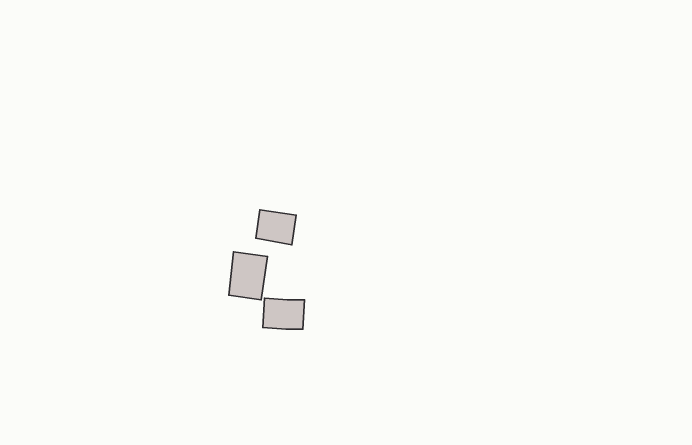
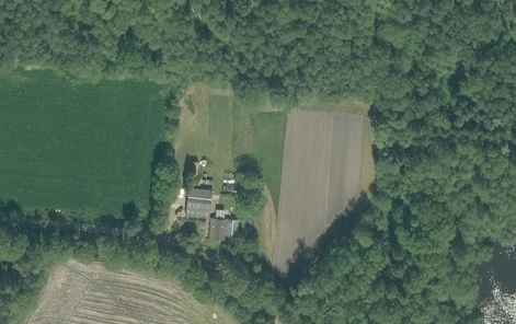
building: [256,210,296,245] -> none

